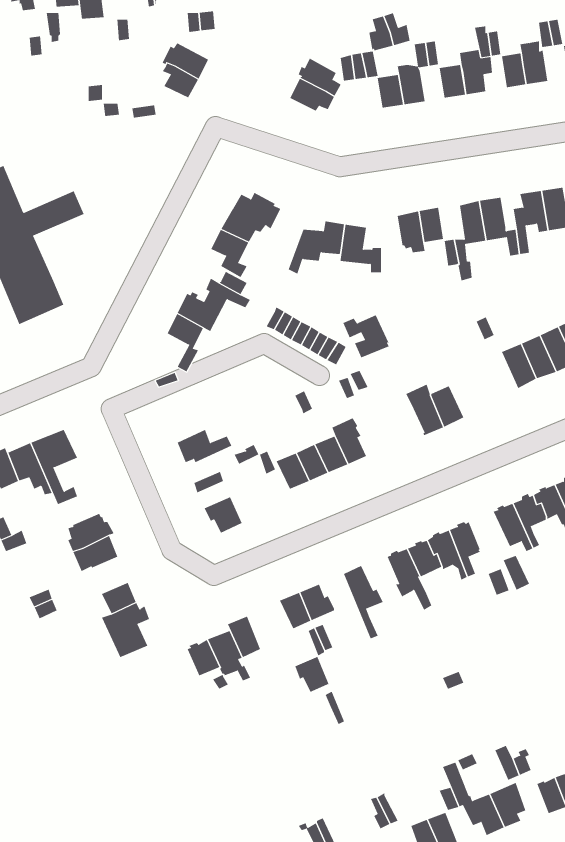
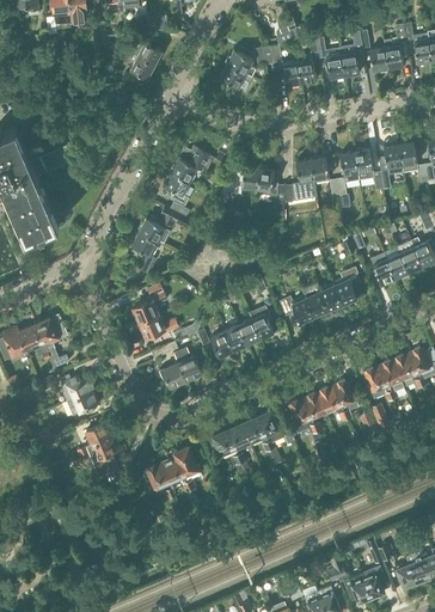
building: [342,314,389,358] -> [281,295,314,326]
building: none -> [332,265,363,305]
building: none -> [131,283,166,323]
building: none -> [173,347,202,380]
building: [294,656,345,725] -> [240,416,276,465]

